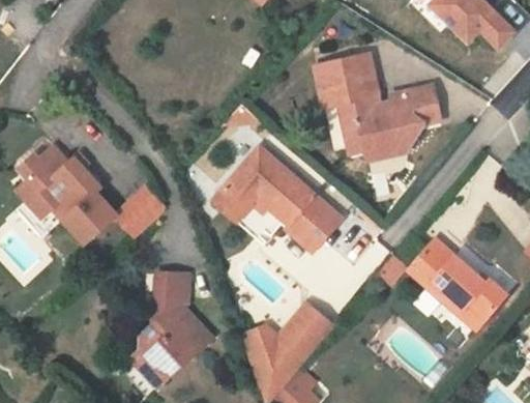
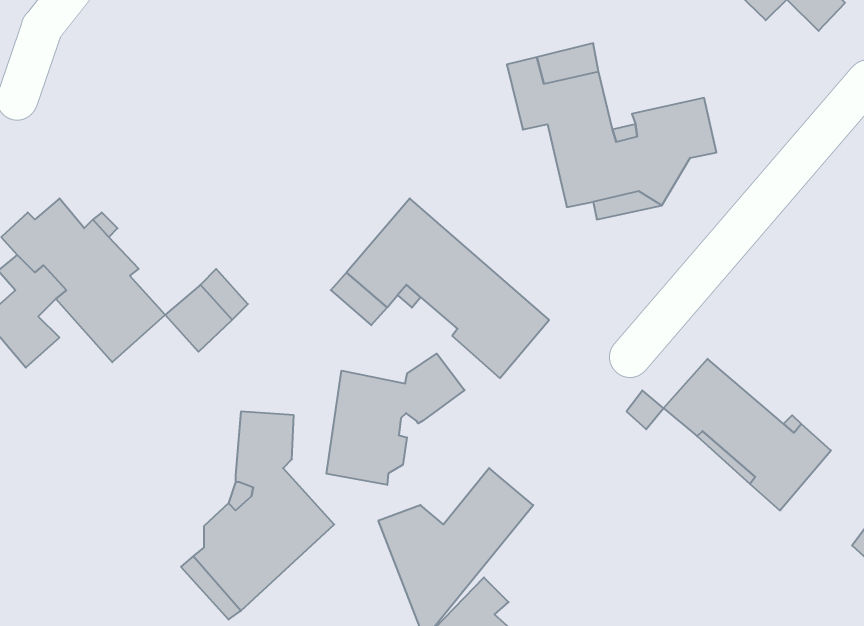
building: none -> [327,354,465,485]

